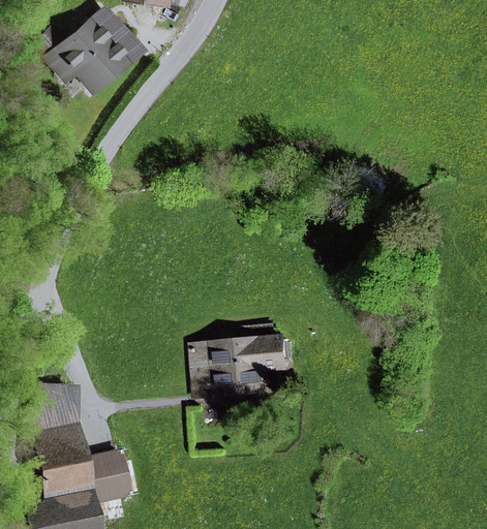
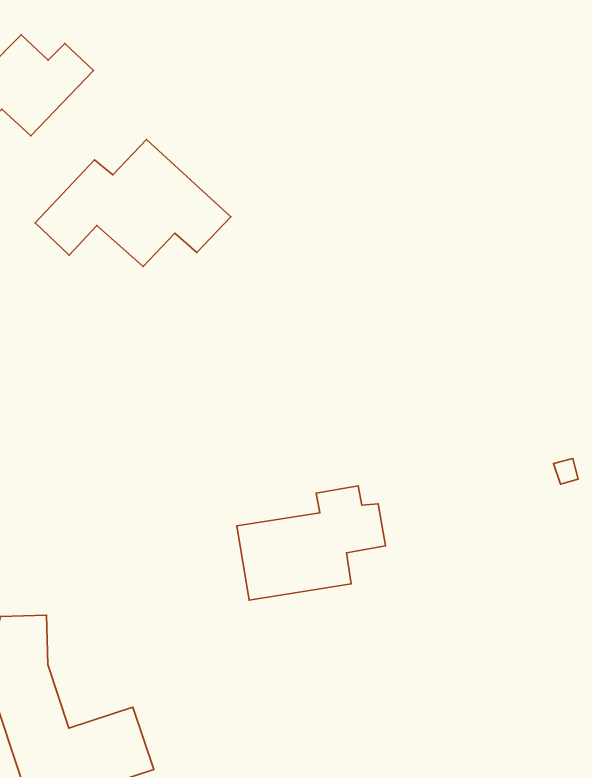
building: none -> [35,139,231,267]

